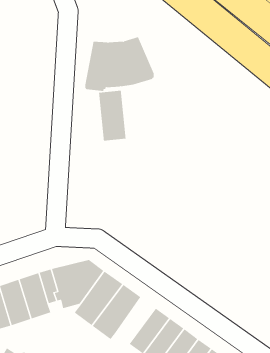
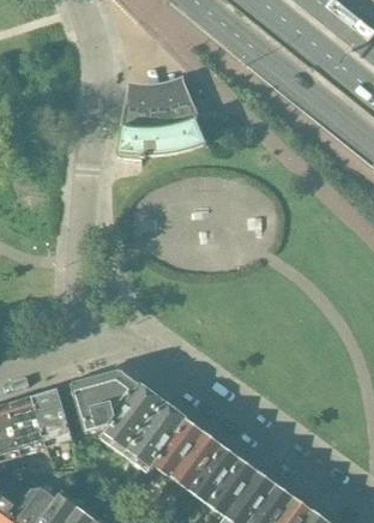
building: [98,90,126,141] -> none
building: none -> [156,419,206,477]

